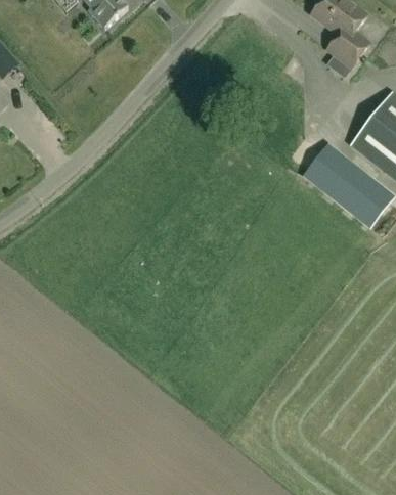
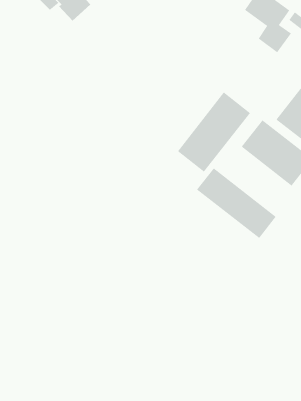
building: none -> [177,92,251,172]
building: none -> [196,167,277,239]

